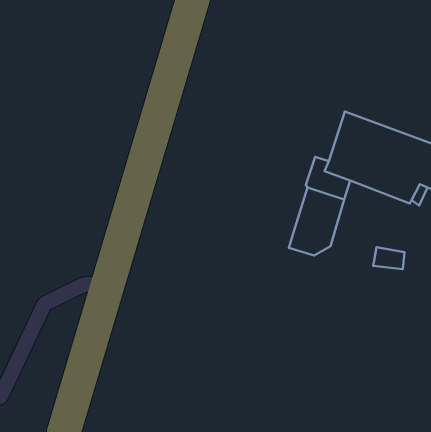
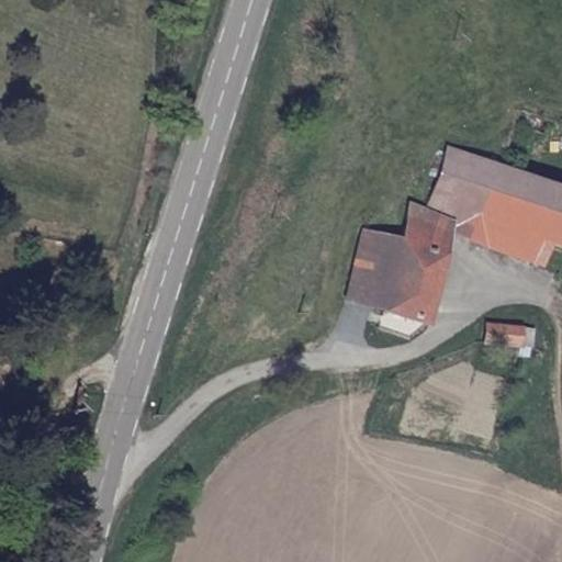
building: none -> [349,228,402,301]

